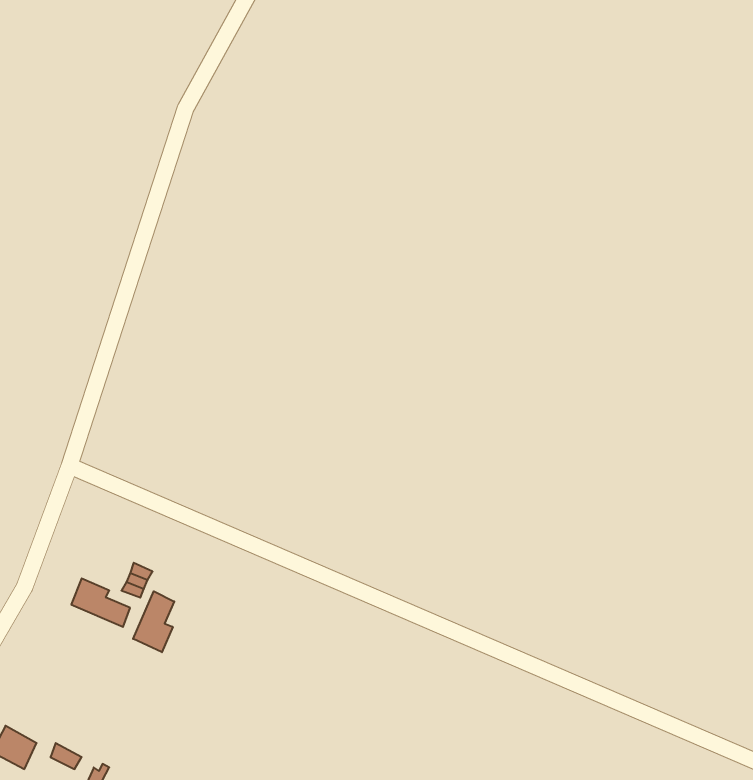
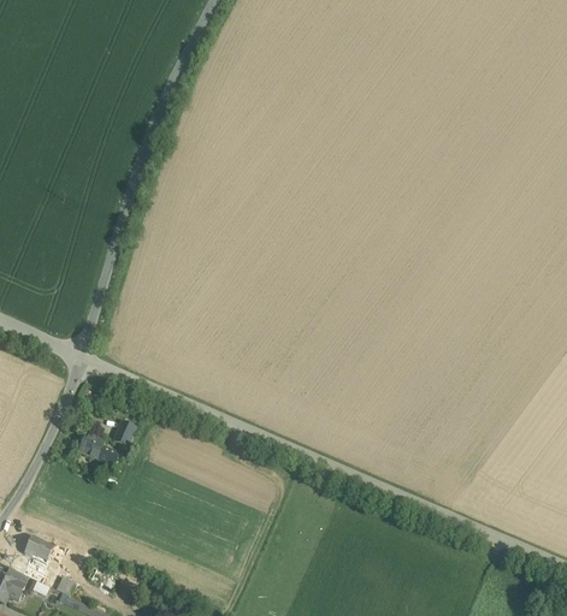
building: [133,591,174,652] -> none

